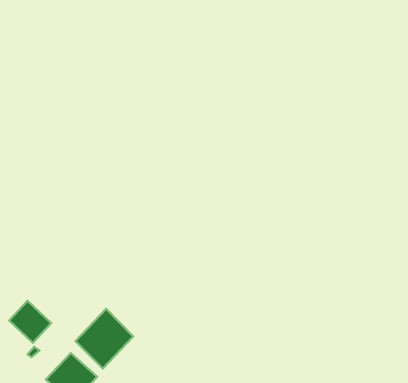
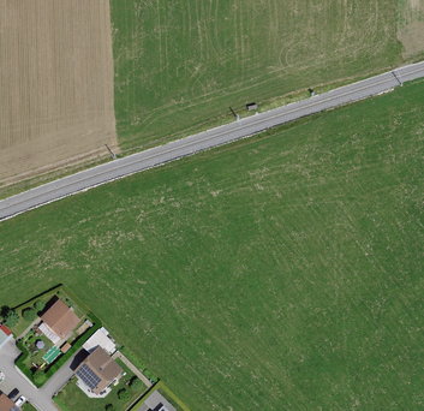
building: [75,309,133,369] -> none

